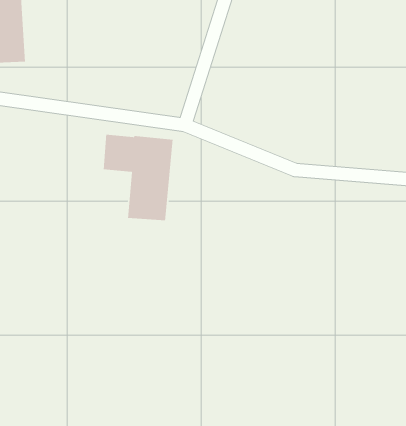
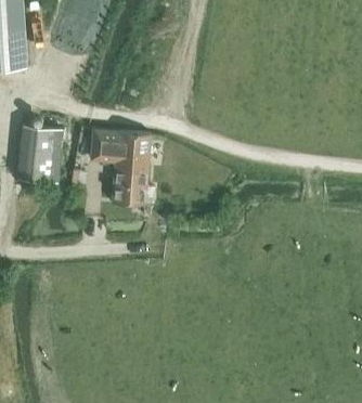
building: none -> [18,123,62,182]

